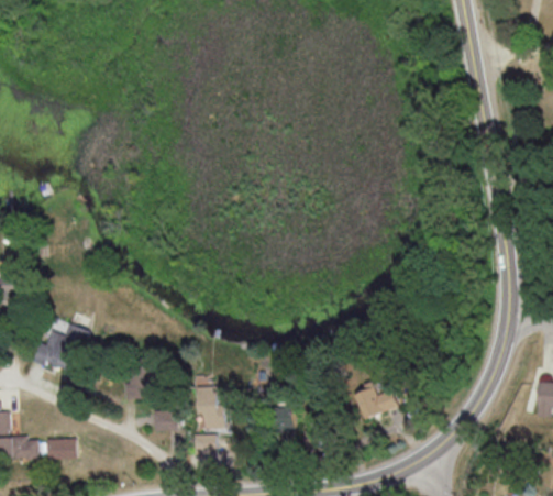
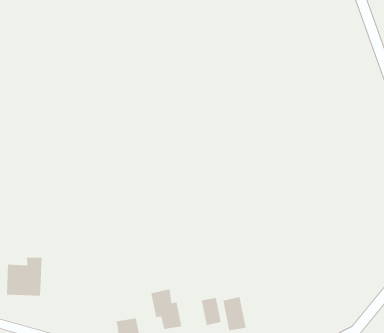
building: [354,387,397,419] -> none
building: none -> [201,297,221,326]

